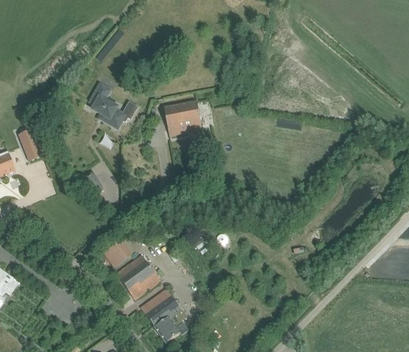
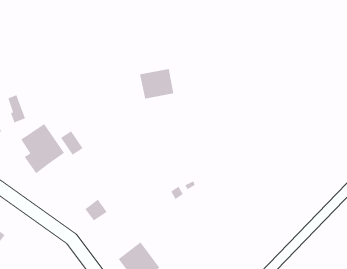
building: [90,84,124,124] -> none
building: none -> [20,123,65,174]
building: [115,254,159,299] -> none

